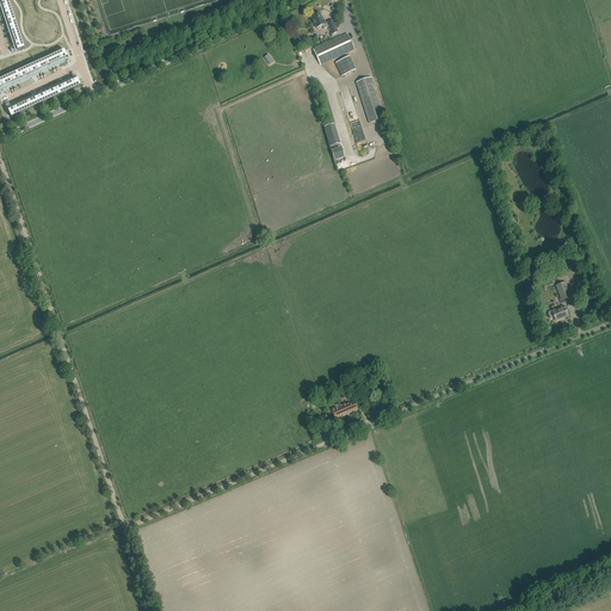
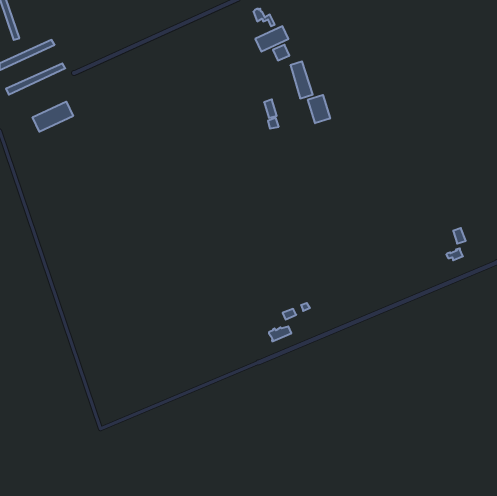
building: none -> [308,95,330,123]
building: none -> [33,102,73,132]

